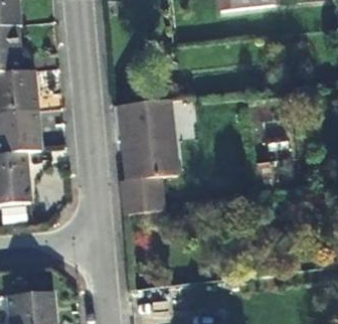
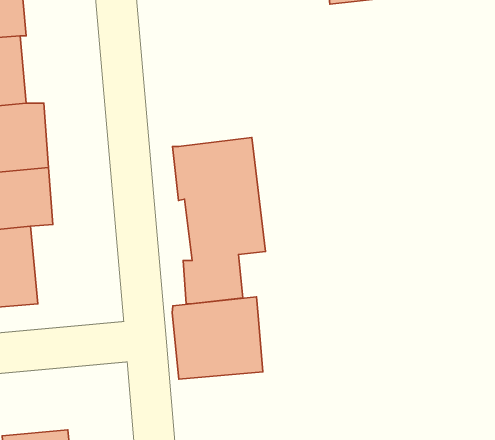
building: none -> [172,297,263,379]

